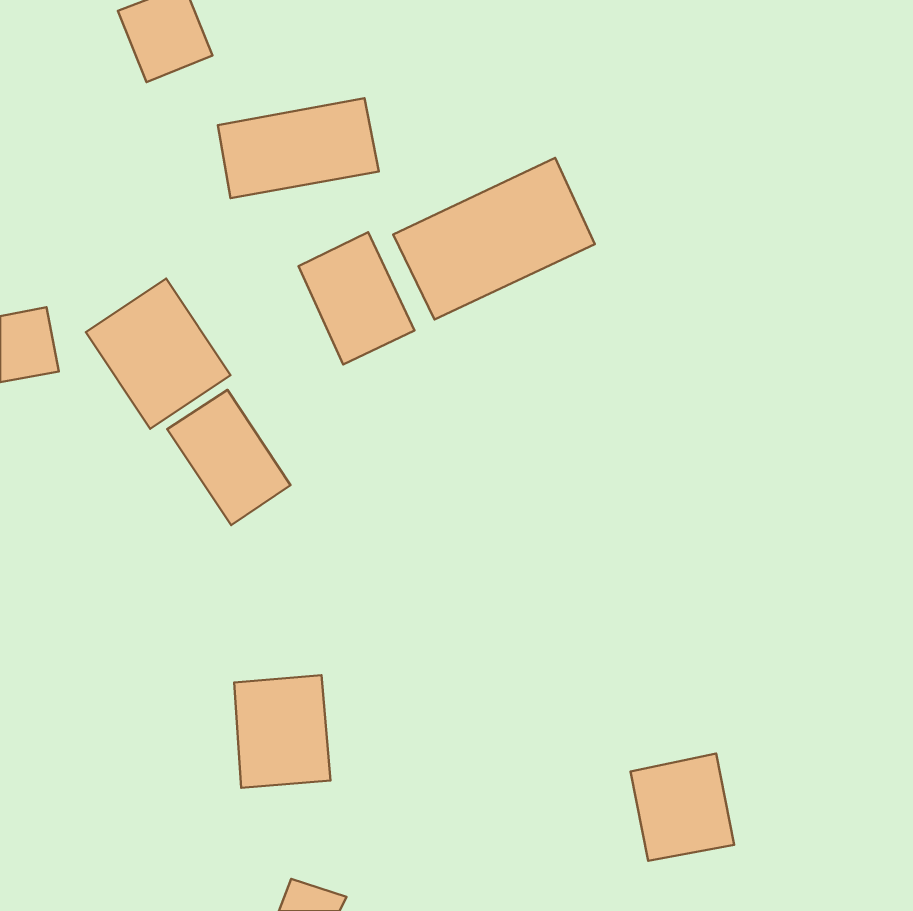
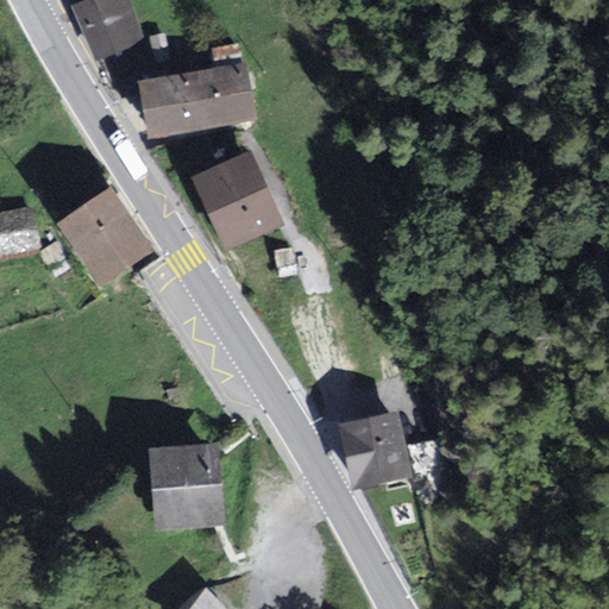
building: [393,158,595,320] -> none
building: [167,390,291,525] -> none
building: [630,754,734,861] -> [340,415,409,486]

